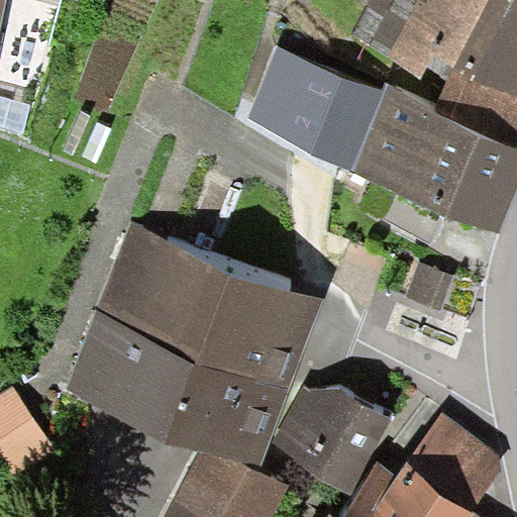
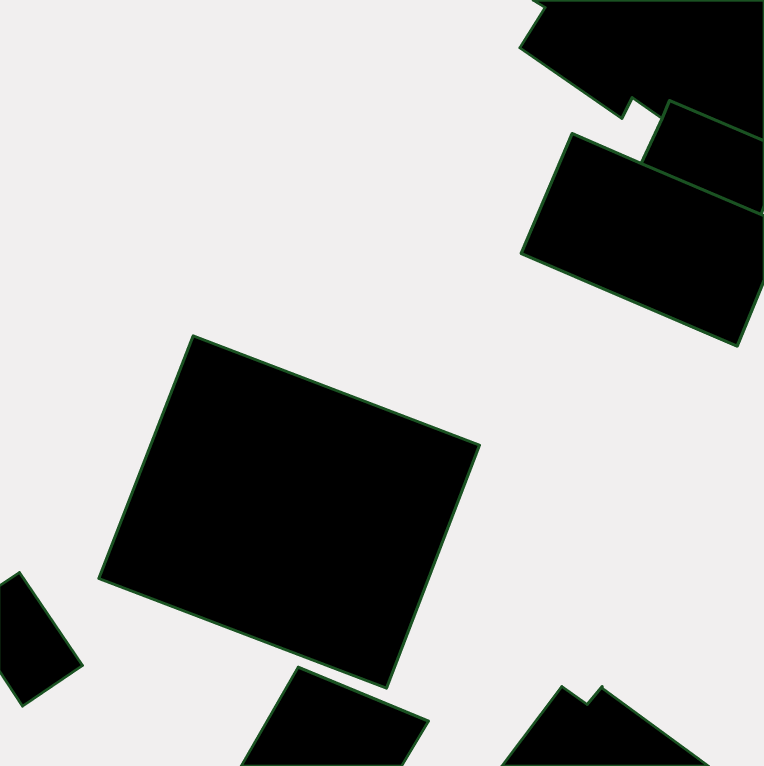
building: [244,45,386,171] -> none
building: [273,387,393,495] -> none
building: [406,412,503,511] -> none

